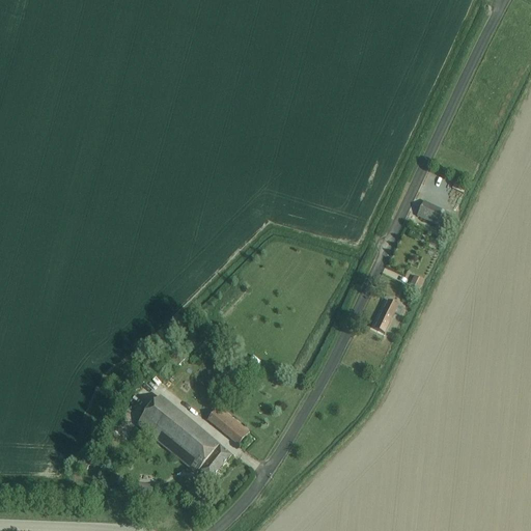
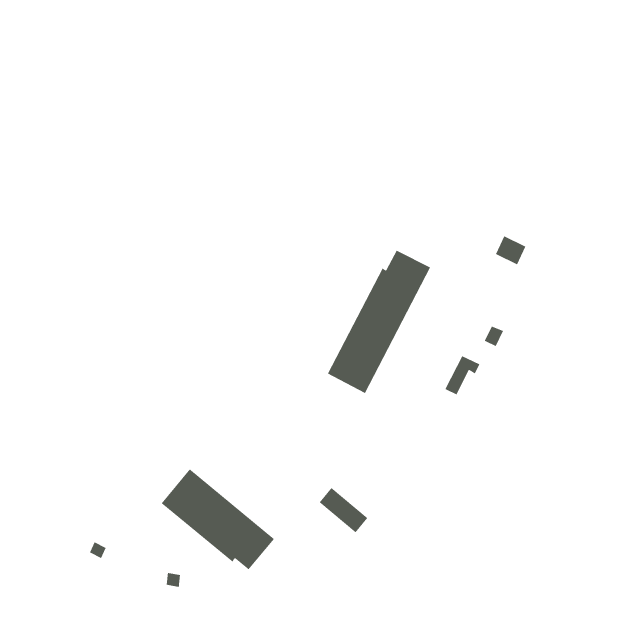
building: none -> [327,250,431,394]
building: [206,403,248,442] -> [319,487,368,533]

